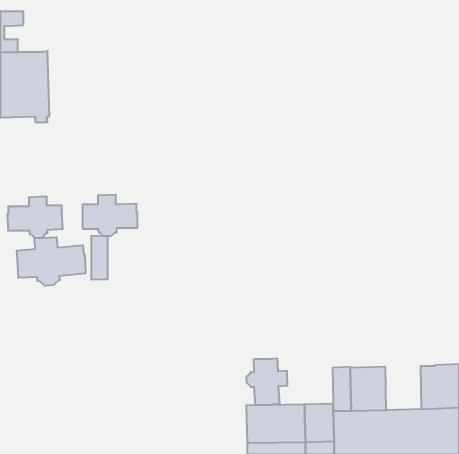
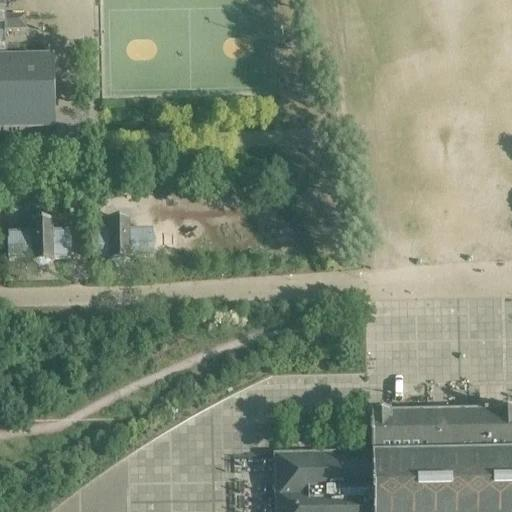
building: [91,236,107,280] -> none
building: [17,237,86,286] -> none
building: [246,358,287,405] -> none
building: none -> [429,408,469,457]

